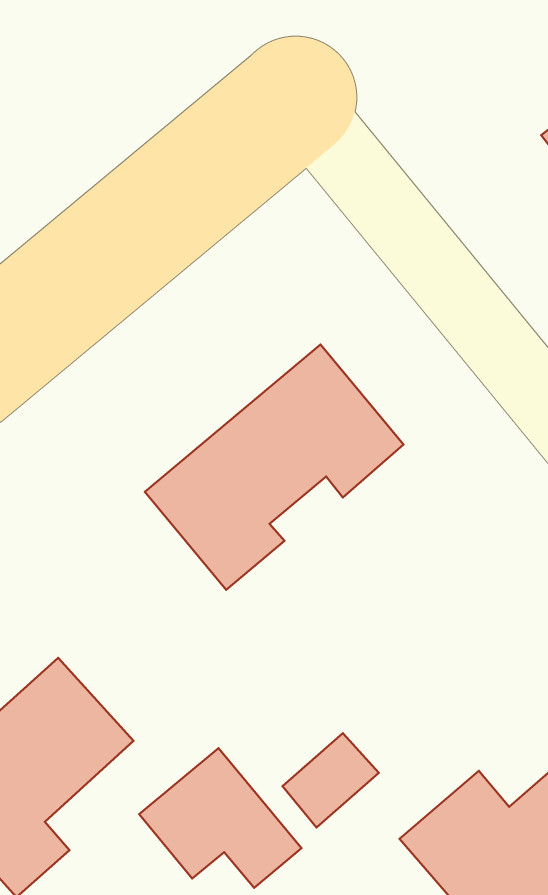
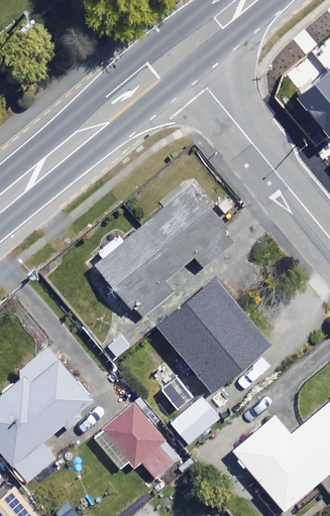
building: none -> [157,279,269,392]

